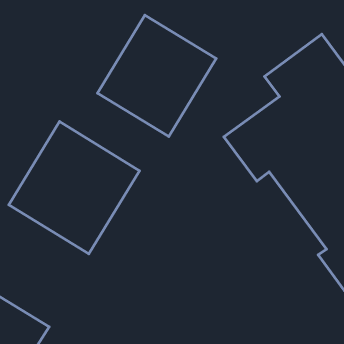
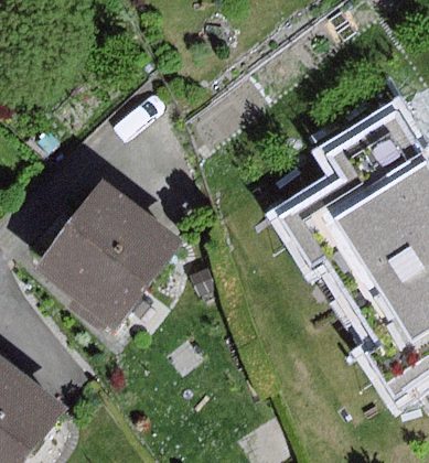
building: [98,15,216,137] -> none

